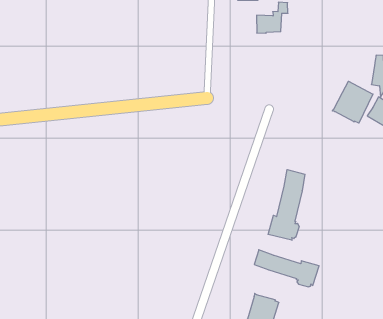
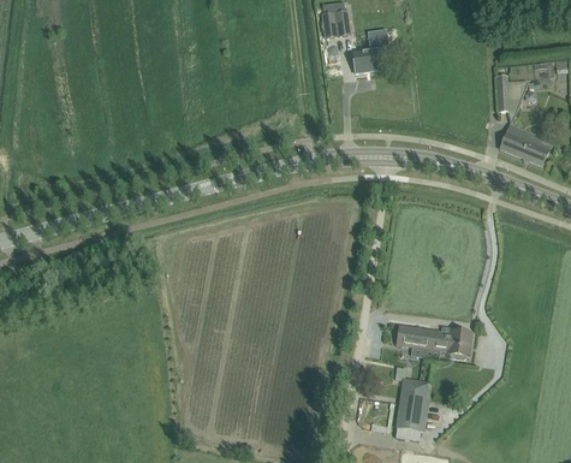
building: [332,81,373,123] -> none
building: [268,170,305,240] -> none

